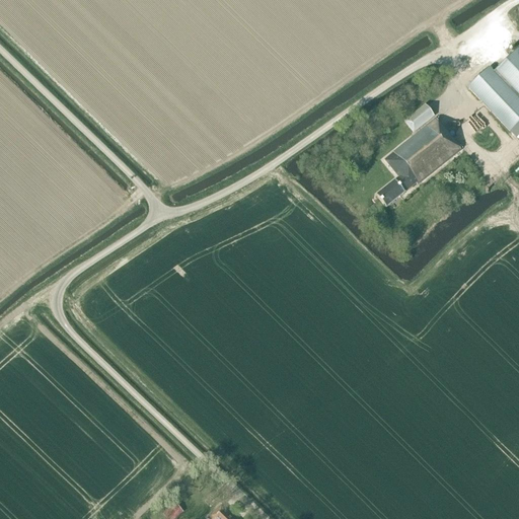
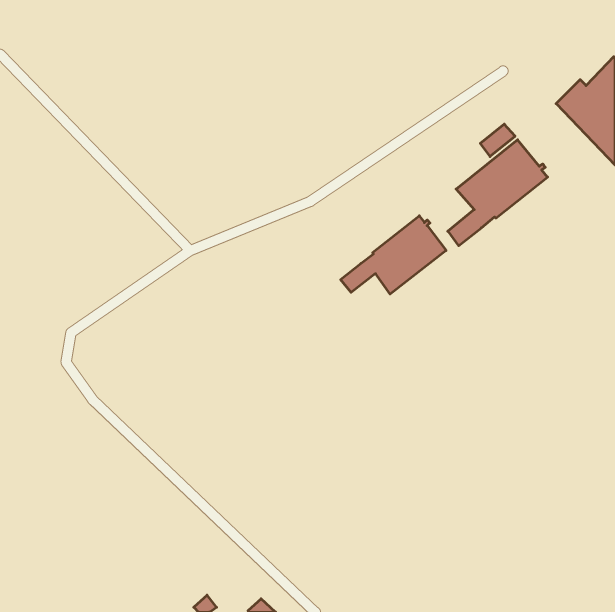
building: none -> [341,216,446,294]

